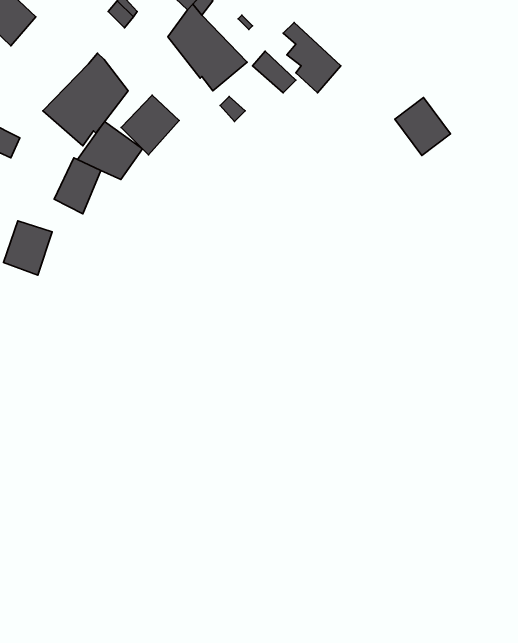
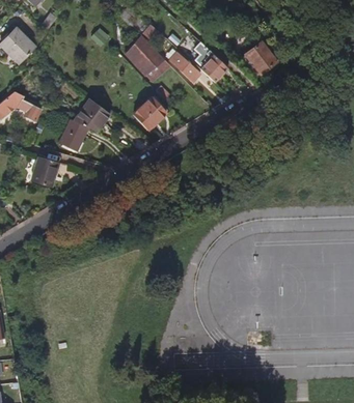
building: [43,53,128,146] -> none
building: [121,95,179,155] -> [132,93,165,127]
building: [395,98,451,155] -> [245,39,277,73]

